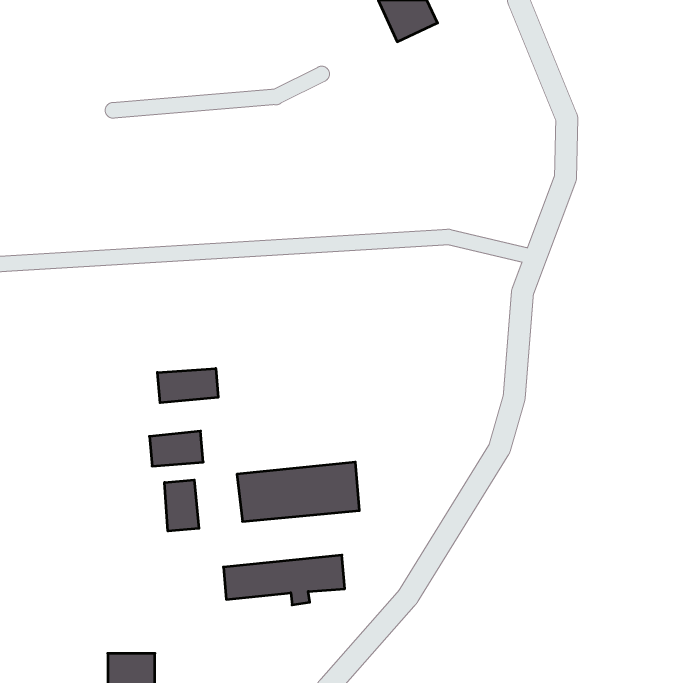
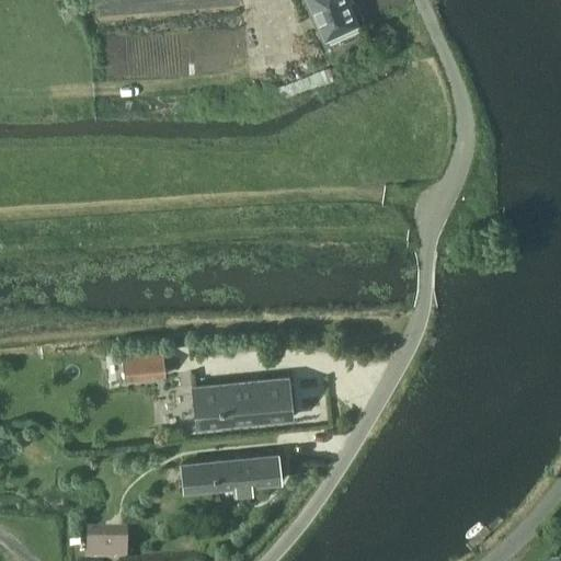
building: [157,368,218,403] -> none
building: [165,480,199,531] -> none

